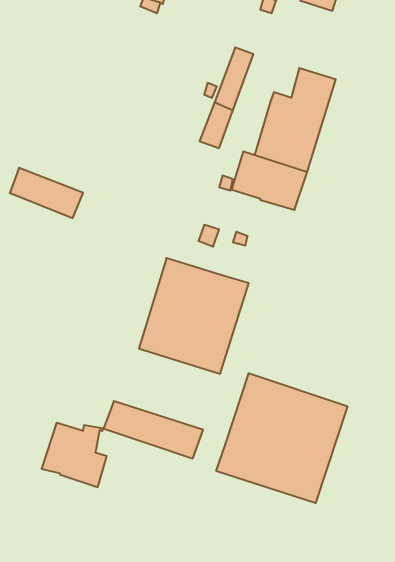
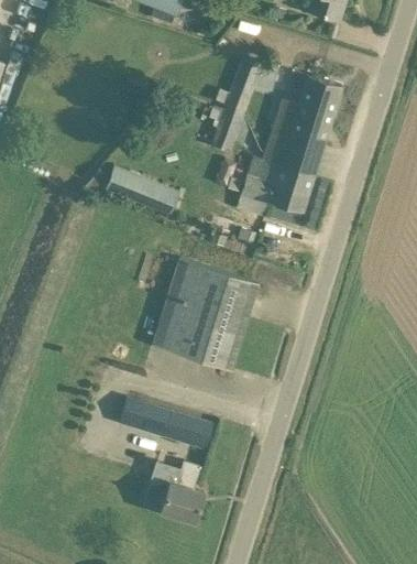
building: [10,168,83,218] -> [106,165,176,214]
building: [216,373,347,503] -> none
building: [42,423,107,487] -> [142,460,205,522]

